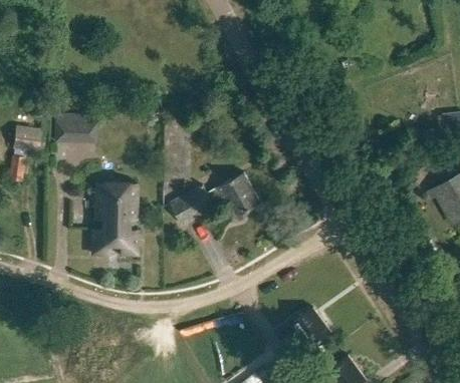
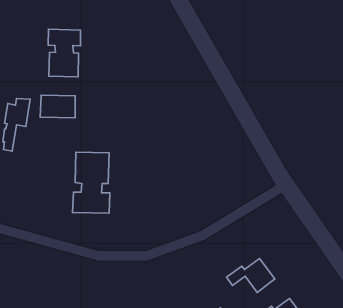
building: none -> [48,29,81,77]
building: [170,173,260,227] -> none

